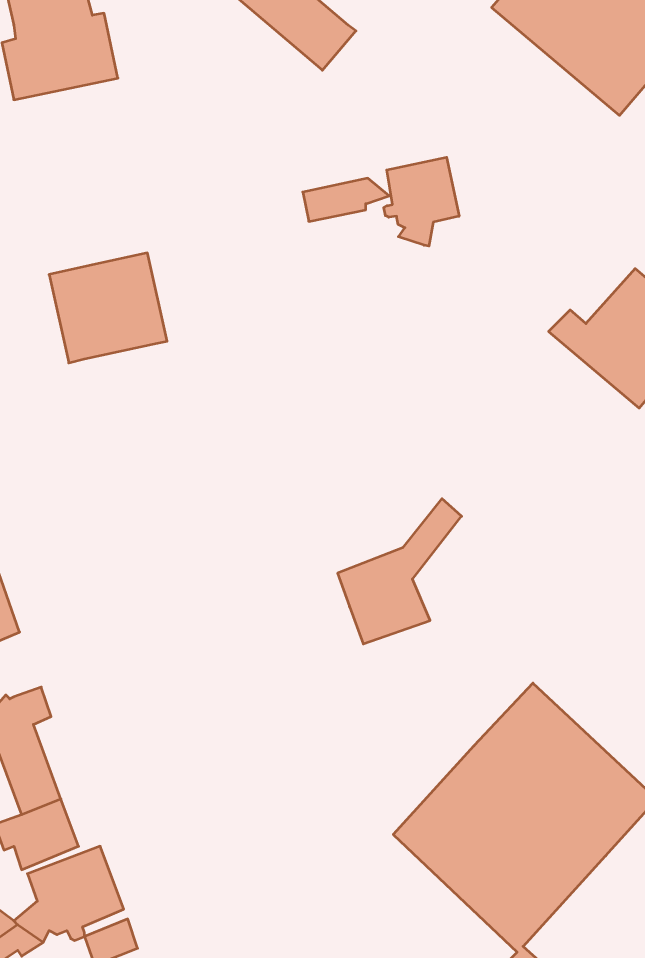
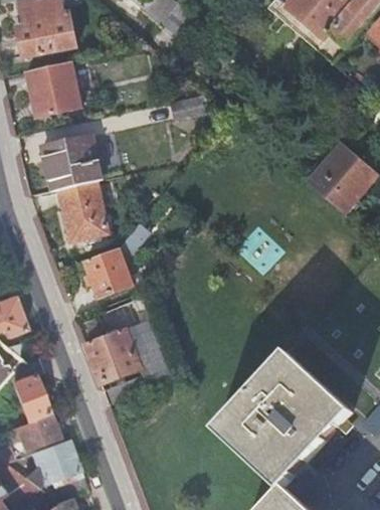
building: none -> [26,60,80,115]
building: [384,157,459,246] -> none
building: none -> [59,179,108,239]
building: [338,499,462,644] -> [85,221,149,296]
building: none -> [85,326,141,382]

